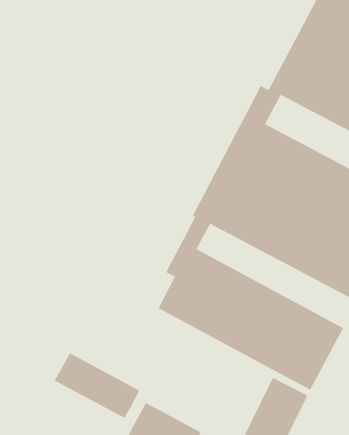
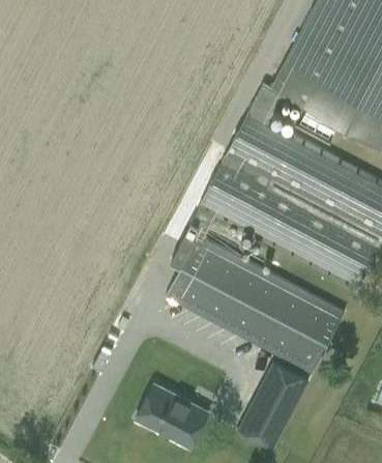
building: [54,352,140,419] -> none

